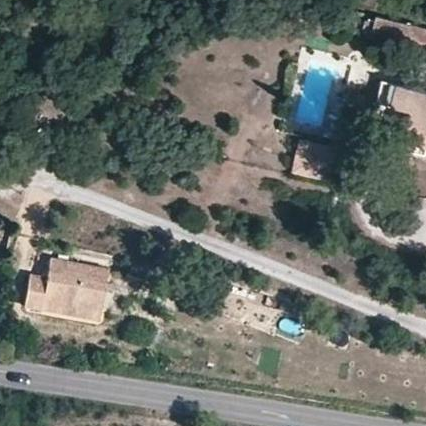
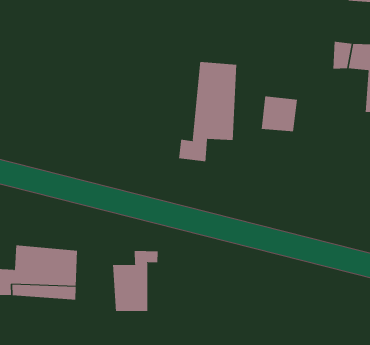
building: none -> [179,61,237,162]
building: none -> [112,250,158,312]

